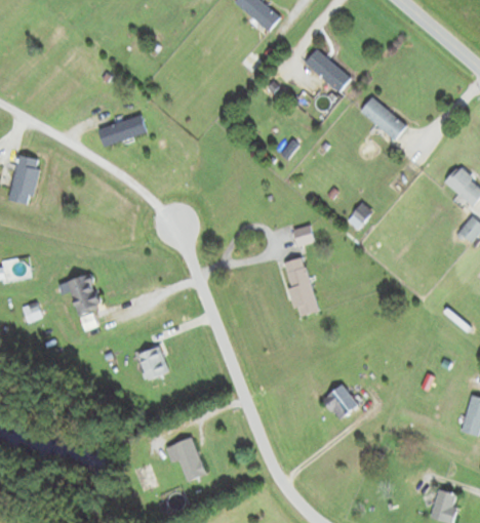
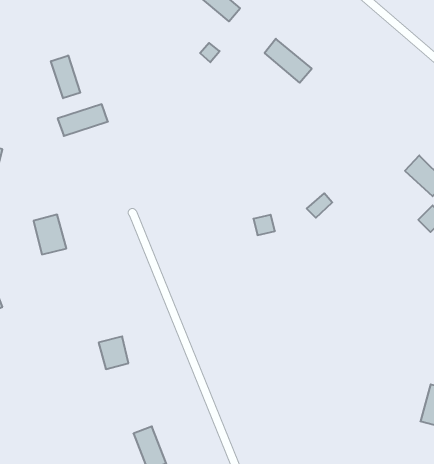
building: none -> [51,55,80,98]
building: [359,96,406,138] -> none
building: [285,267,317,317] -> none
building: [68,274,101,314] -> [34,215,66,254]
building: [322,384,358,420] -> none

